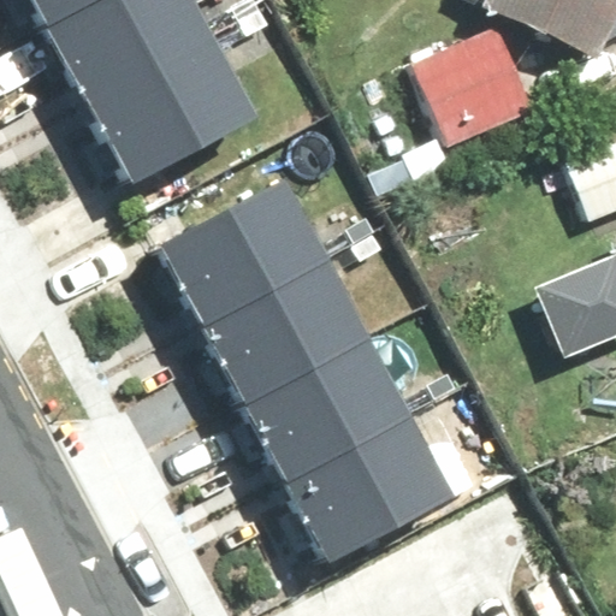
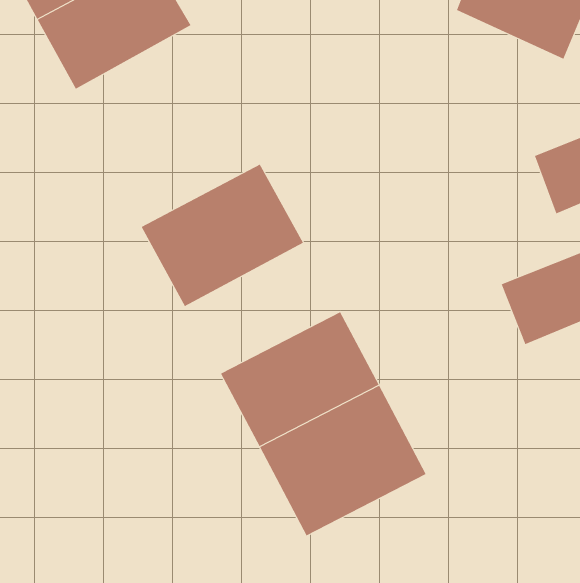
building: [85,26,254,179] -> none
building: [414,28,533,150] -> none
building: [200,255,363,392] -> none

